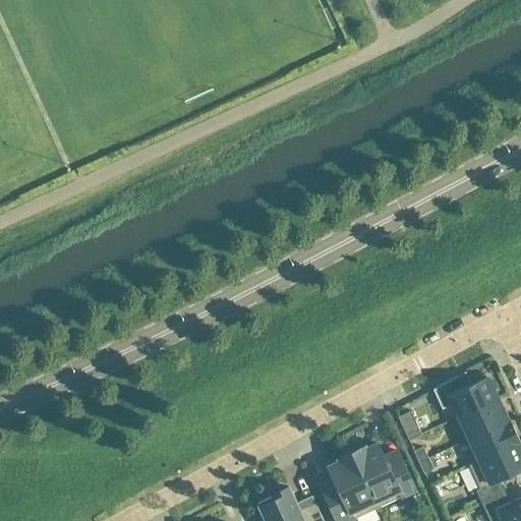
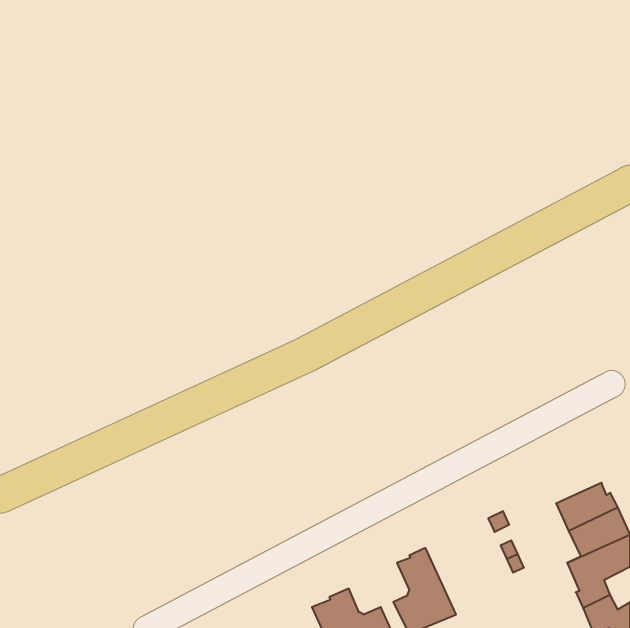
building: [431,373,497,417] -> none
building: [351,445,415,509] -> none

